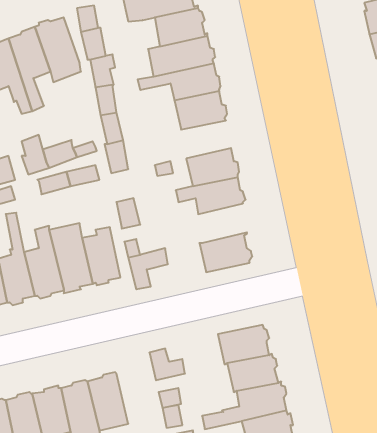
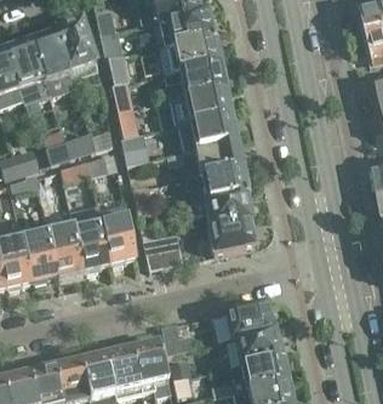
building: none -> [177,114,239,152]
building: none -> [184,190,252,227]
building: none -> [131,340,168,393]

